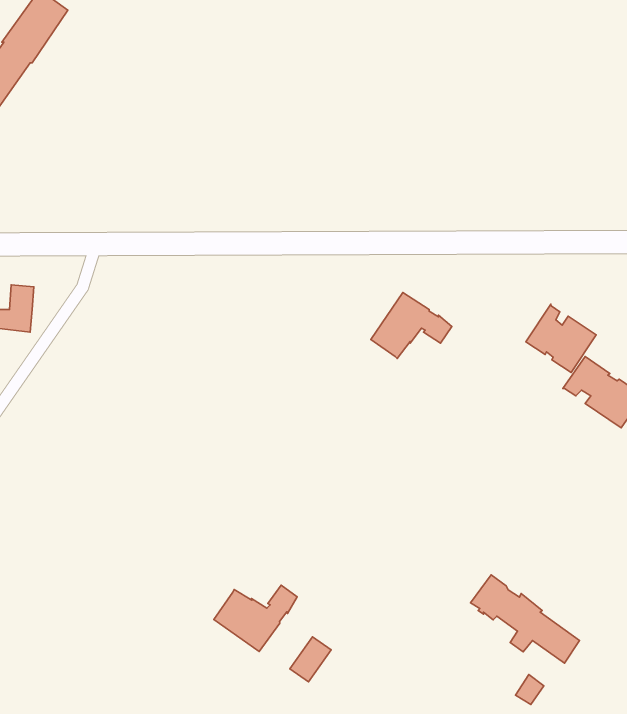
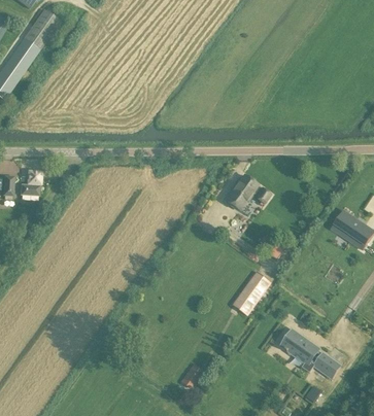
building: [526,304,596,373] -> none
building: none -> [231,270,271,314]
building: [214,585,297,651] -> none

